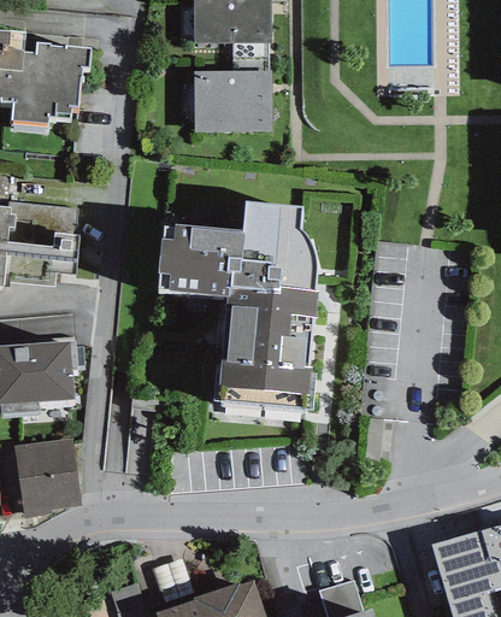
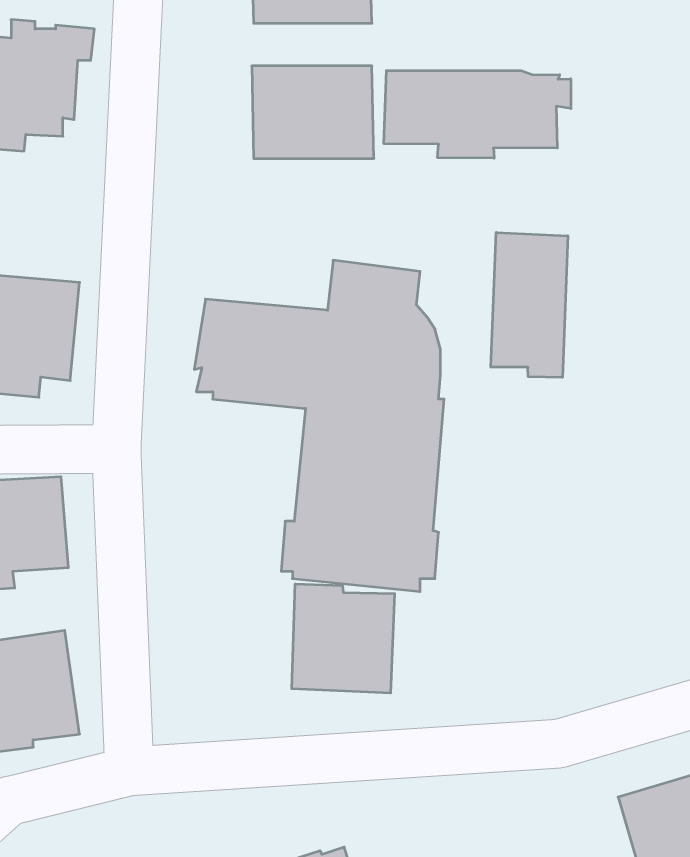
building: none -> [384,71,571,158]
building: none -> [491,232,568,377]
building: none -> [292,584,395,693]

